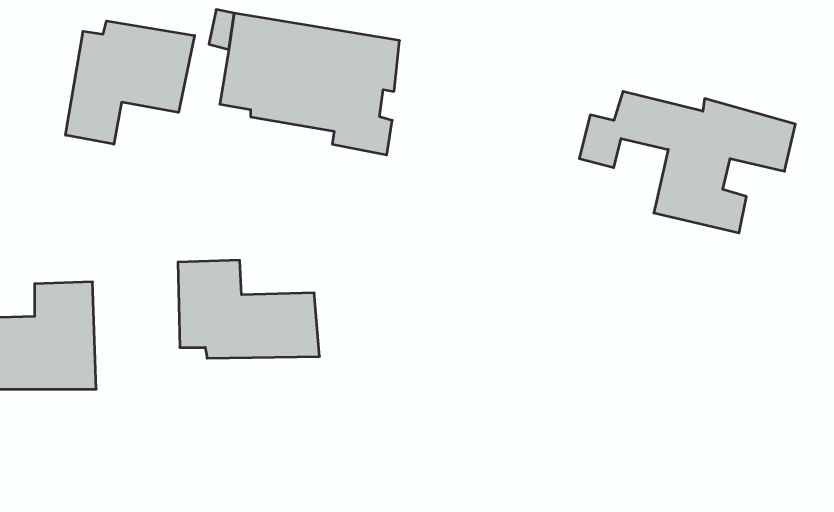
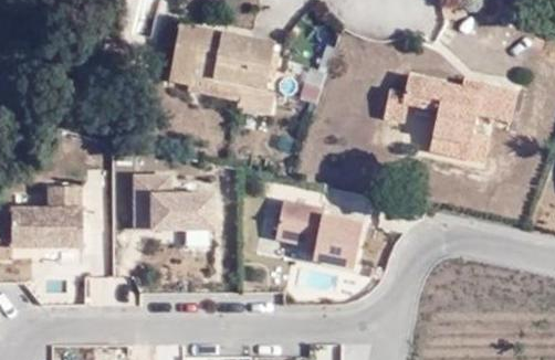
building: [66,21,195,144] -> none
building: none -> [275,201,370,276]

